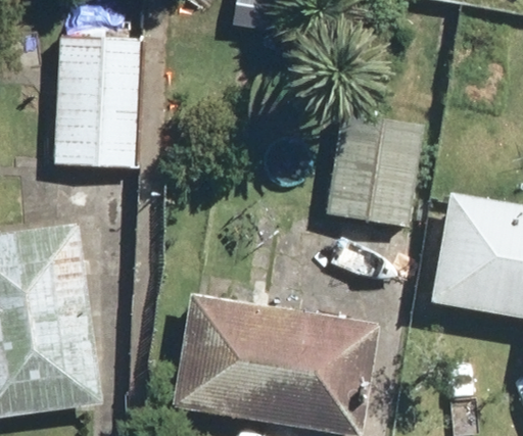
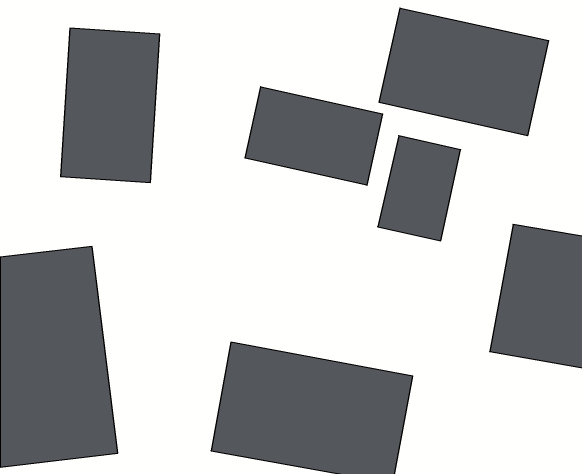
building: none -> [379,8,549,136]
building: none -> [245,87,383,185]

